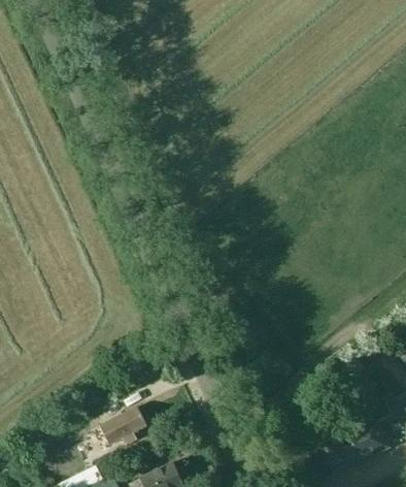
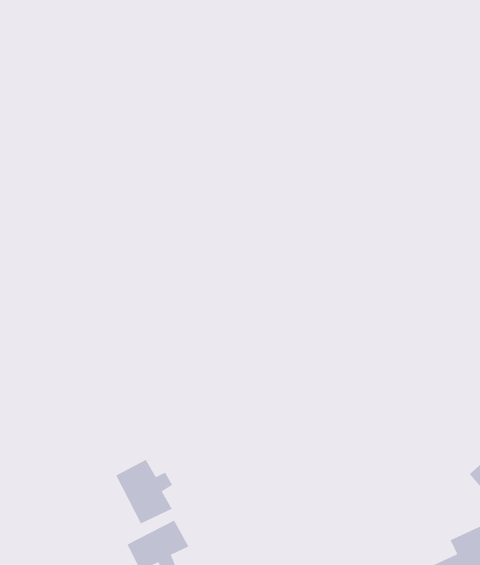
building: none -> [115,459,173,525]

